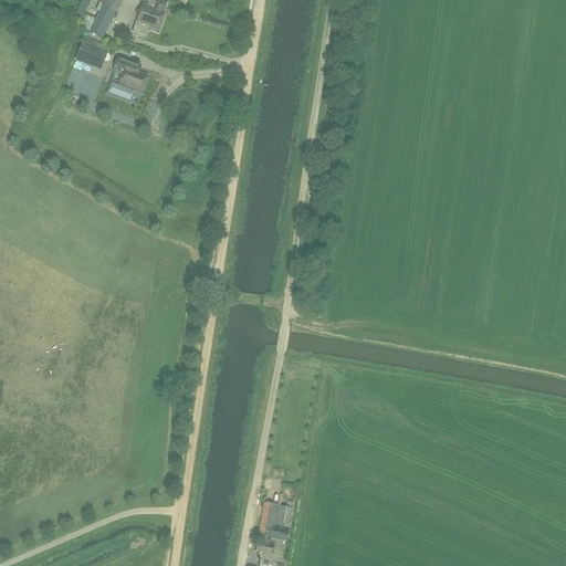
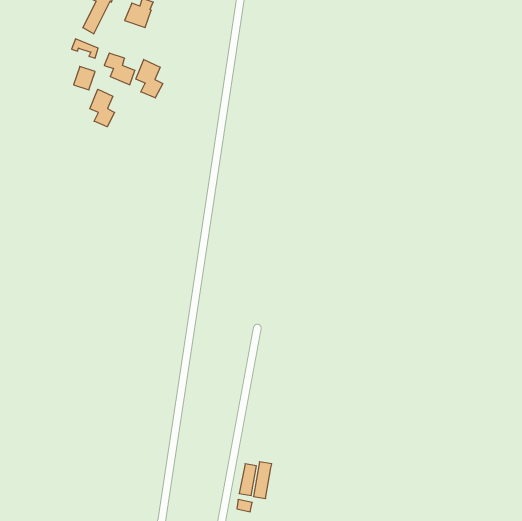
building: none -> [136,59,163,98]
building: none -> [90,89,115,127]

